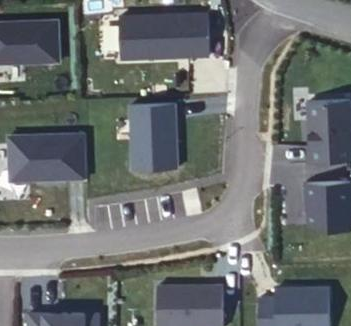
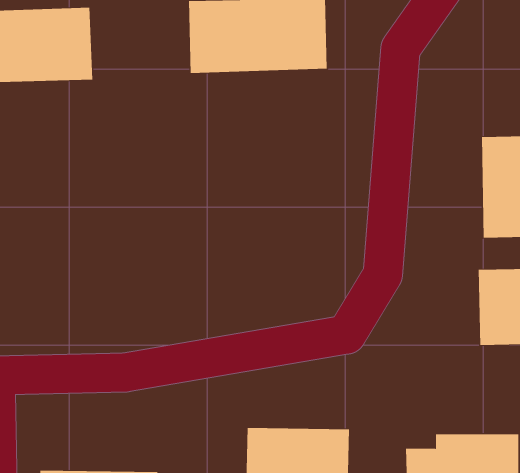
building: [127,102,179,172] -> none
building: [7,134,84,182] -> none

